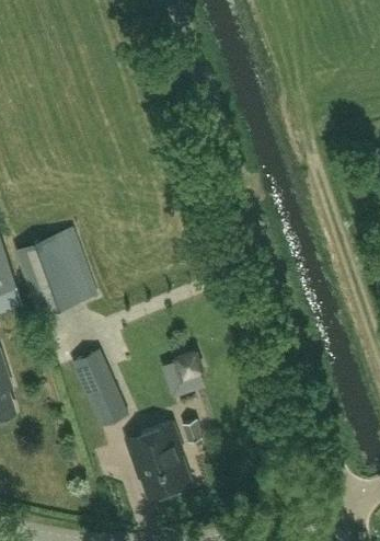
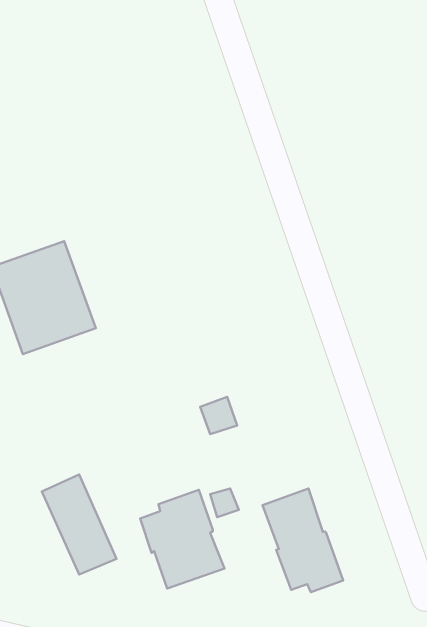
building: [72,352,129,428] -> [42,474,116,575]
building: none -> [263,488,343,592]

